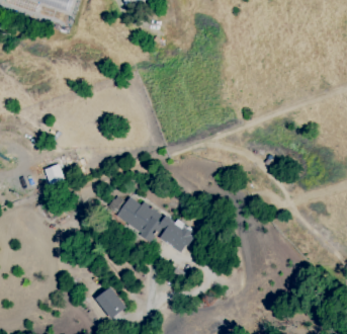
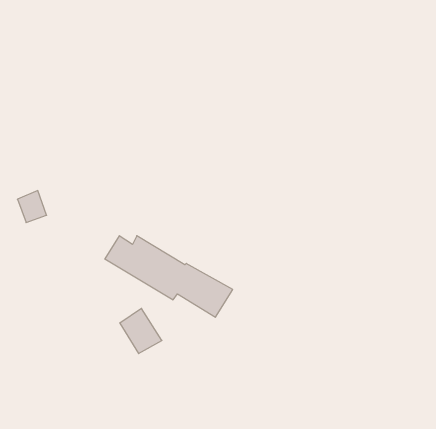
building: [97,287,126,319] -> [120,308,162,354]

